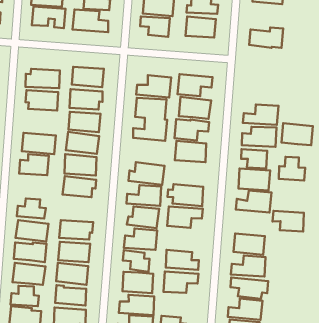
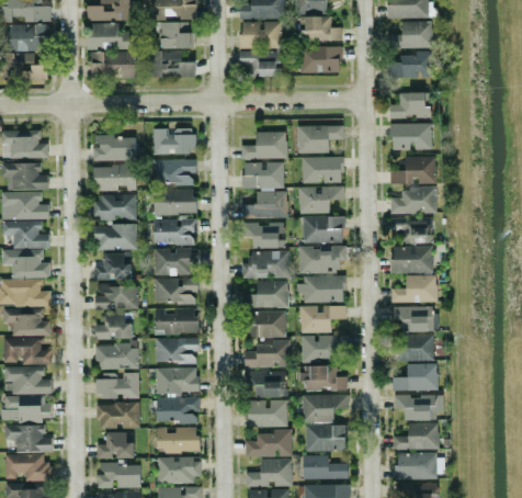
building: none -> [386,22,431,49]
building: none -> [389,93,431,118]
building: none -> [93,196,136,220]
building: [282,123,313,145] -> [390,124,431,150]
building: none -> [241,224,282,249]
building: [279,157,305,181] -> none
building: none -> [298,246,347,274]
building: none -> [93,285,138,310]
building: none -> [154,308,197,335]
building: [272,211,304,231] -> [390,306,433,332]
building: none -> [302,336,347,361]
building: none -> [305,426,347,452]

